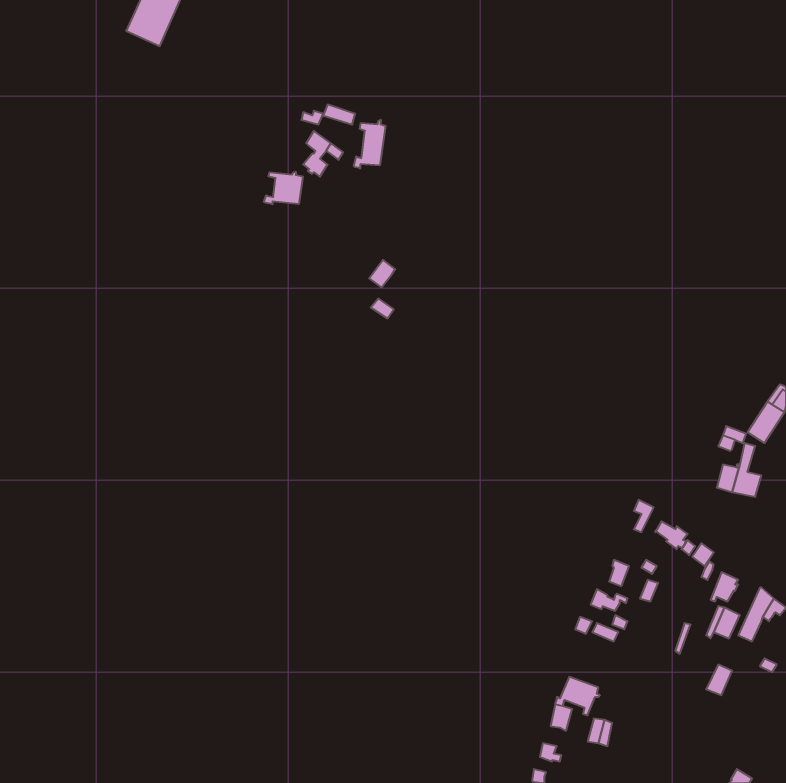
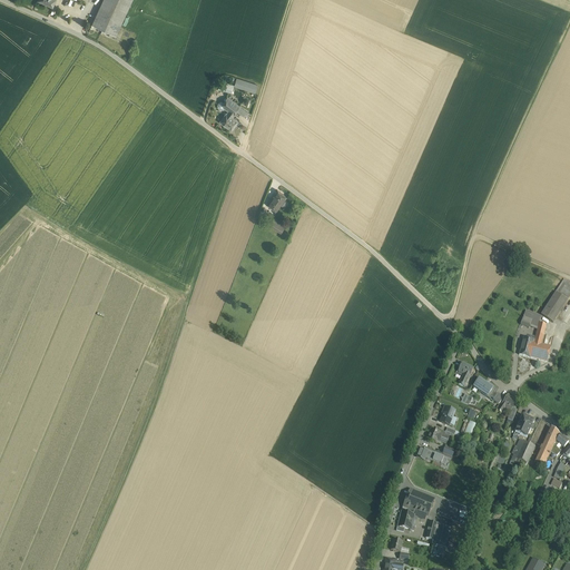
building: [354,120,385,169] -> none
building: [264,172,303,204] -> none

